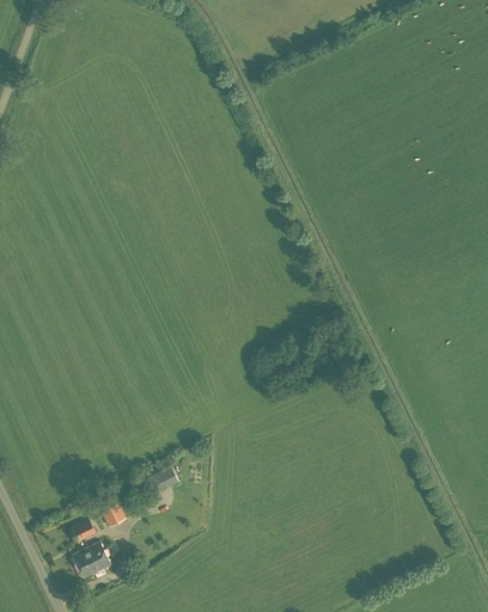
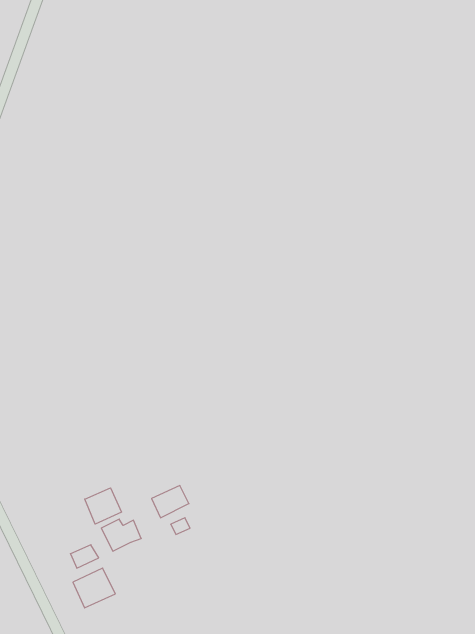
building: none -> [85,488,122,524]

